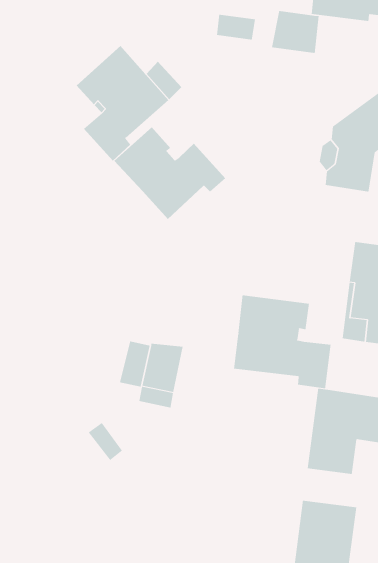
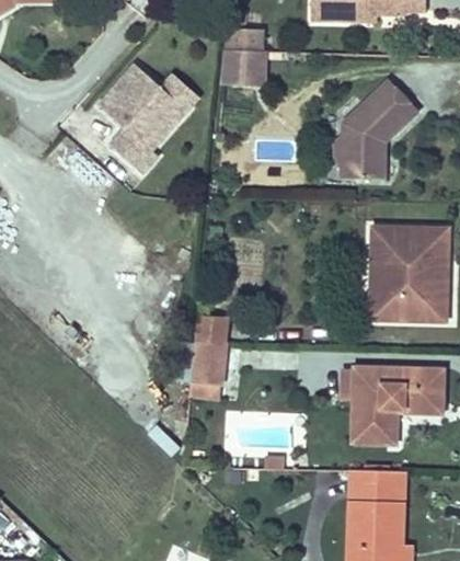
building: [271,10,319,53] -> [223,48,265,84]
building: [114,126,226,220] -> none
building: [234,295,331,389] -> none

